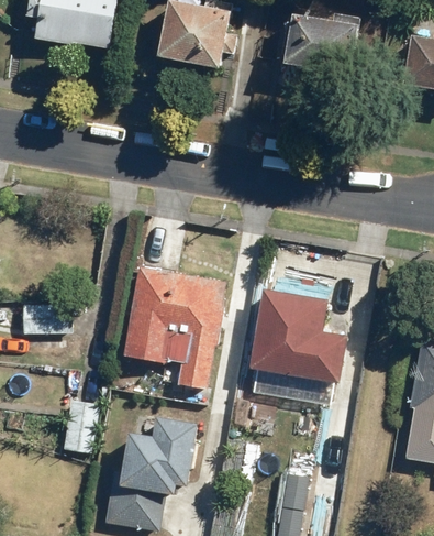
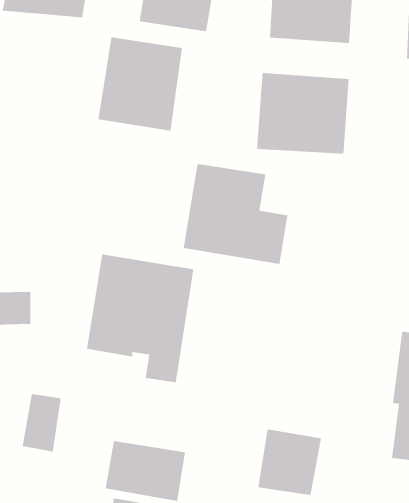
building: none -> [98,37,183,131]
building: none -> [256,72,349,155]
building: [245,289,344,384] -> [183,164,288,264]

